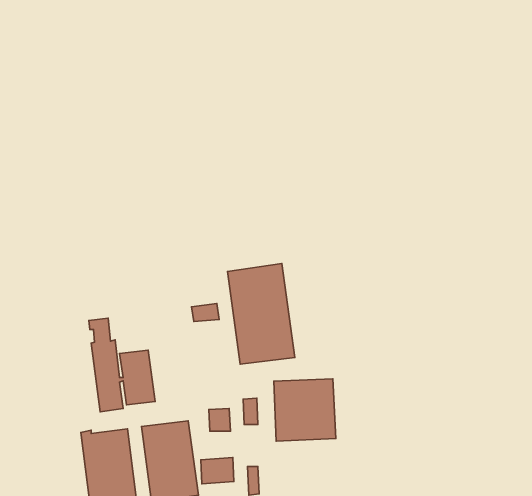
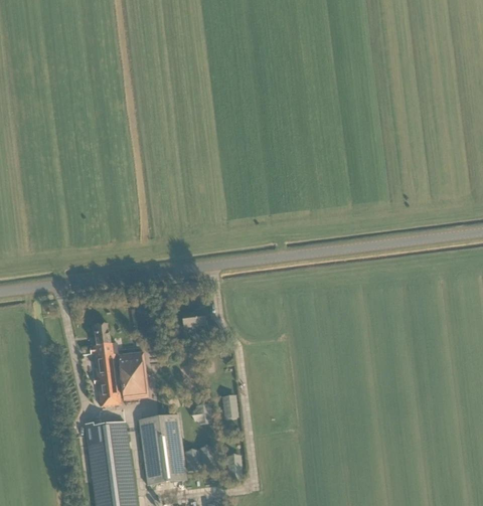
building: [228,263,295,364] -> none
building: [274,379,336,441] -> none

